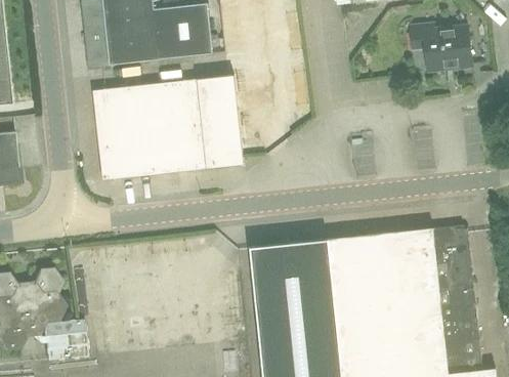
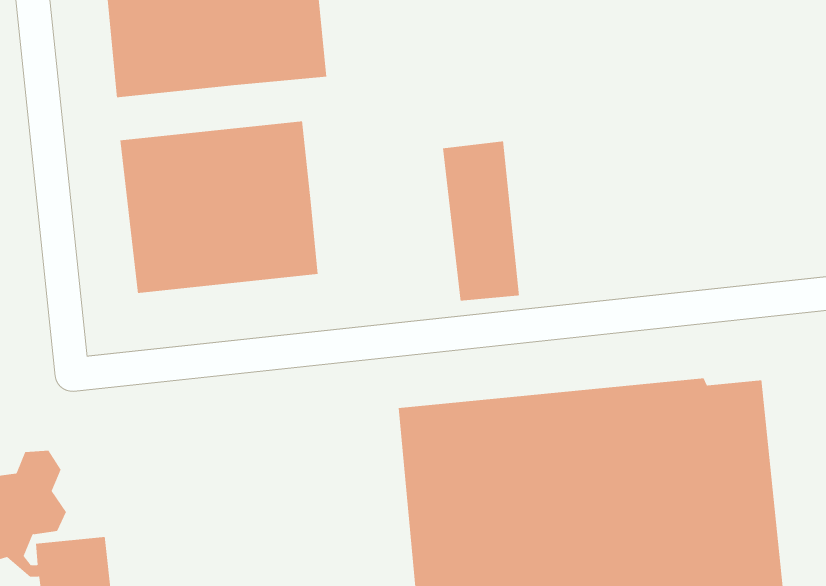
building: [409,23,470,68] -> none
building: [197,74,242,167] -> [442,141,520,301]

